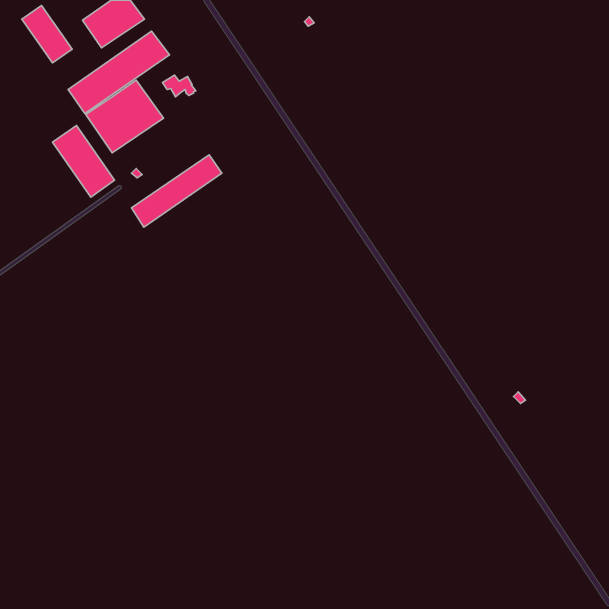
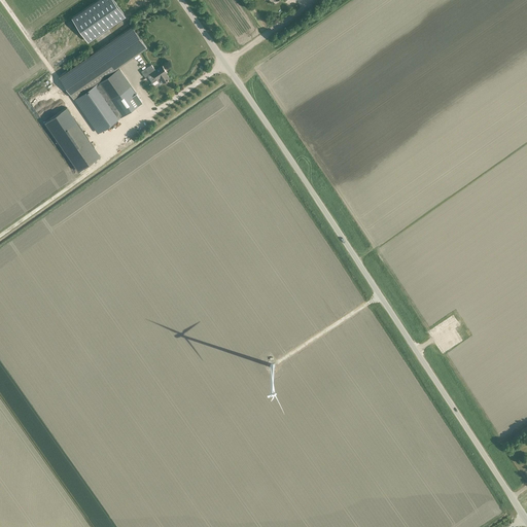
building: [22,5,72,63] -> none
building: [132,155,222,227] -> none

